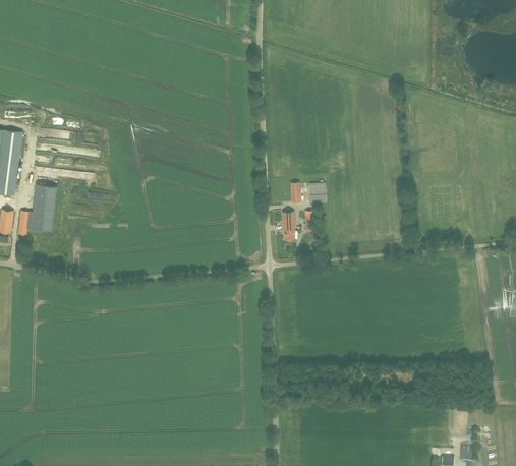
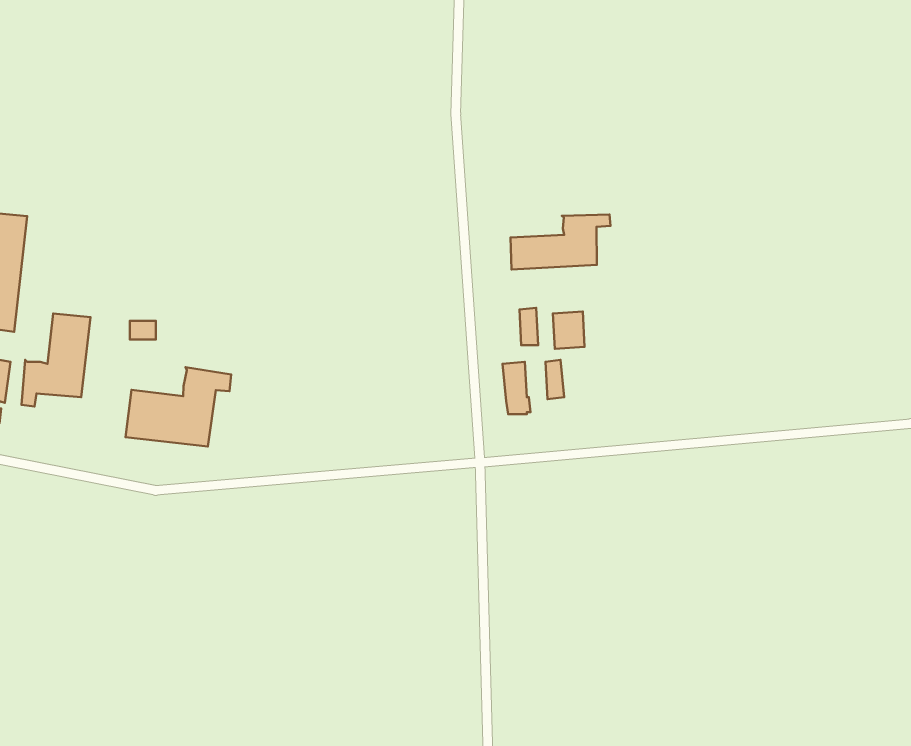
building: none -> [510,215,610,269]
building: none -> [125,367,231,447]

